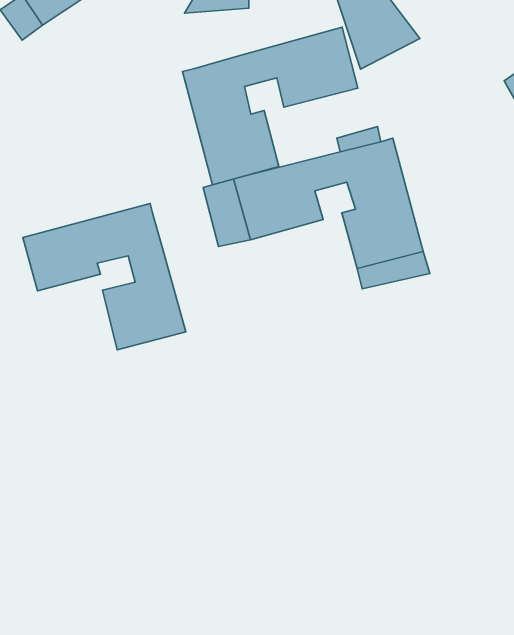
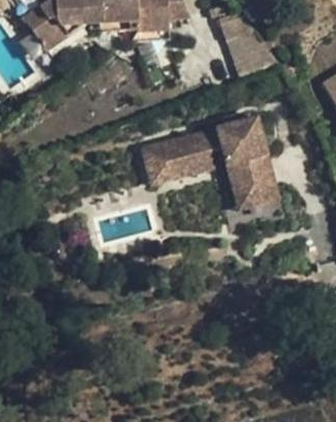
building: [183,27,358,185] -> none
building: [23,203,186,350] -> none

